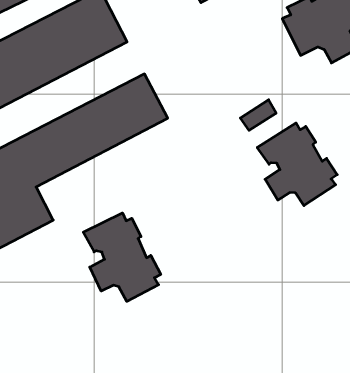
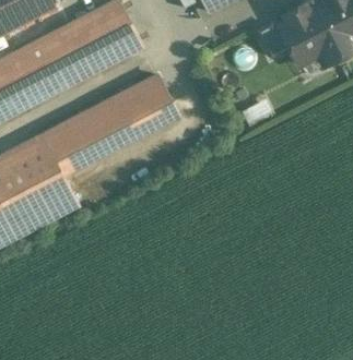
building: [257,123,337,206] -> none
building: [83,213,161,301] -> none

